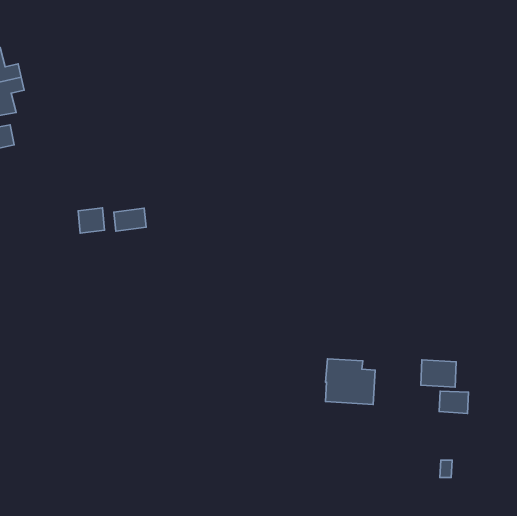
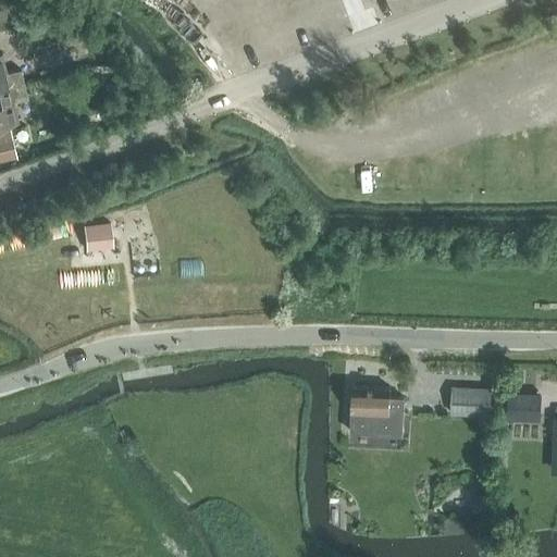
building: [114,208,146,231] -> none
building: [439,391,469,413] -> [507,396,539,420]

